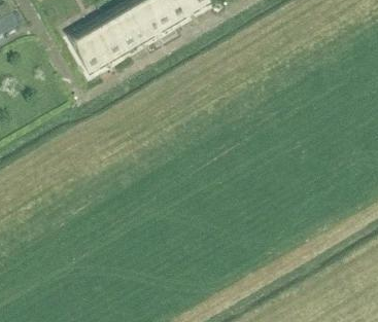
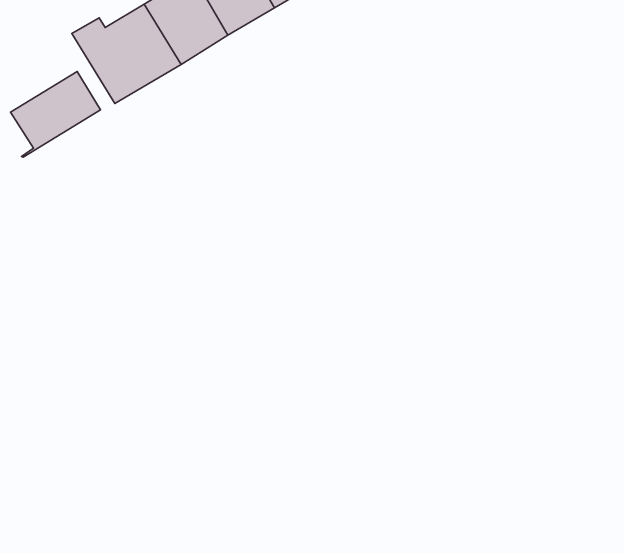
building: none -> [11,71,101,157]

